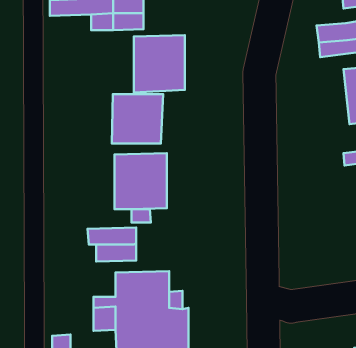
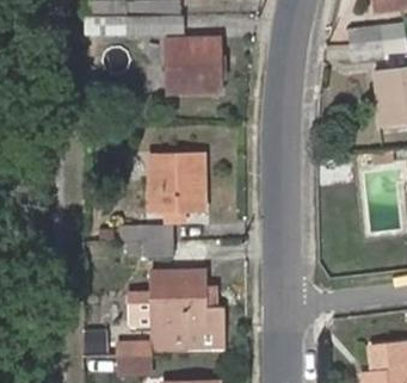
building: [112,94,163,143] -> none

